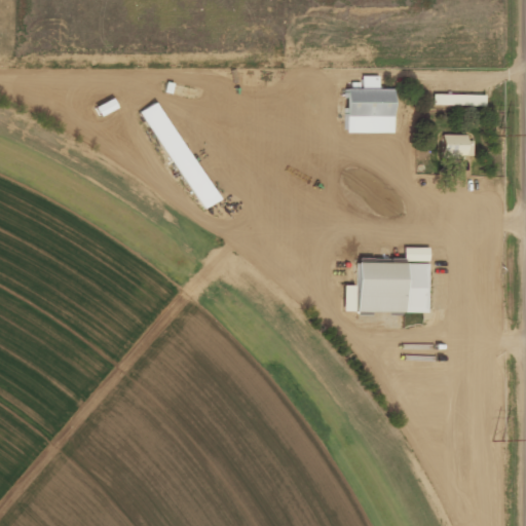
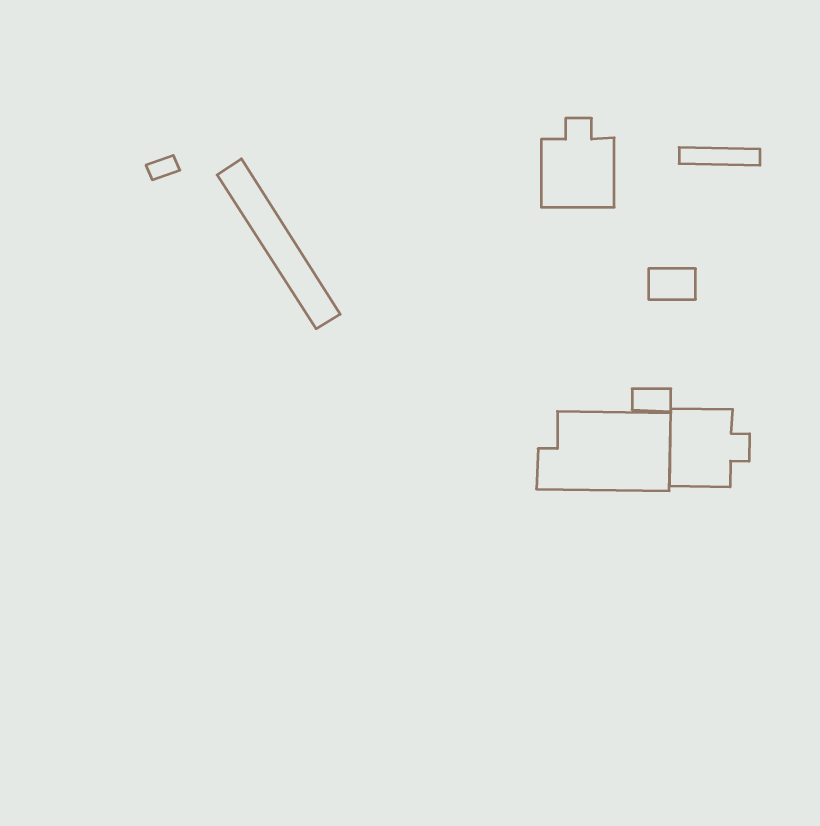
building: [445,136,475,155] -> [649,269,696,299]
building: none -> [670,408,750,487]

